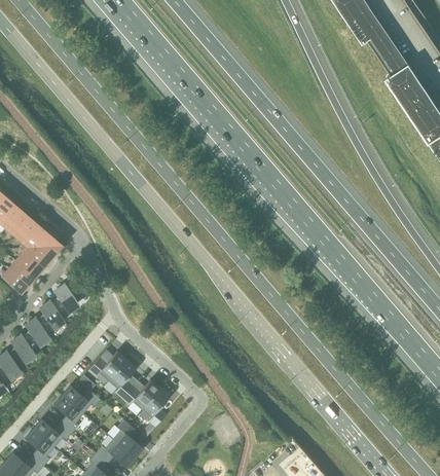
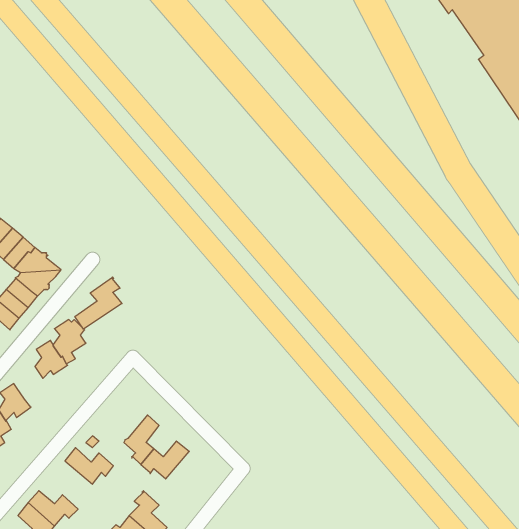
building: none -> [75,277,122,329]
building: [24,318,49,347] -> none
building: [87,352,126,381] -> none
building: [141,389,169,428] -> none
building: [52,396,83,434] -> none

